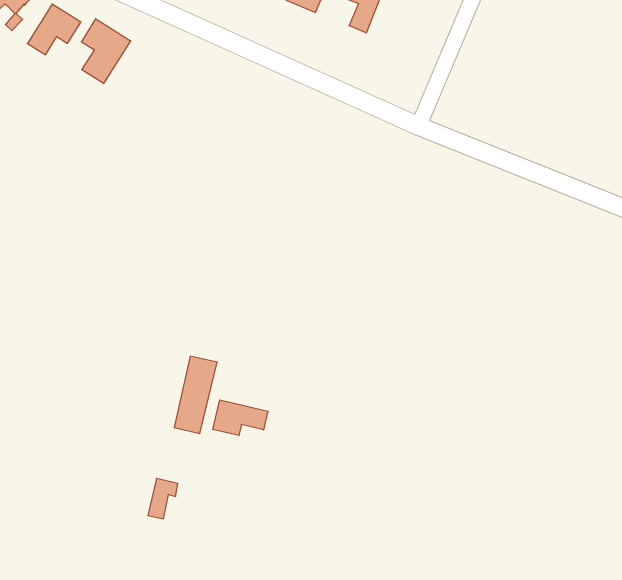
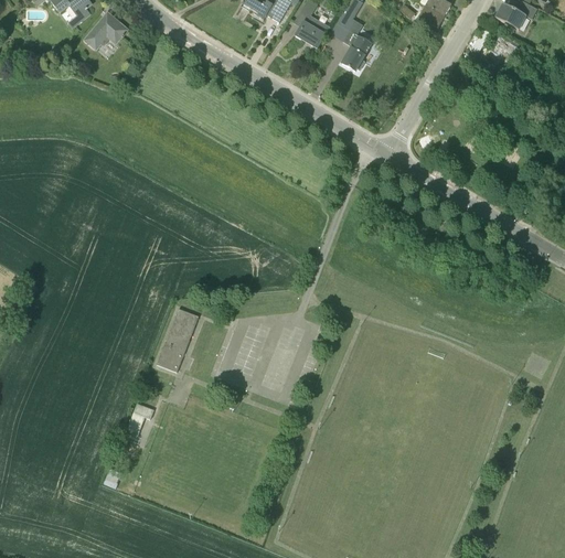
building: [81,19,131,84] -> none
building: [213,400,268,436] -> none

